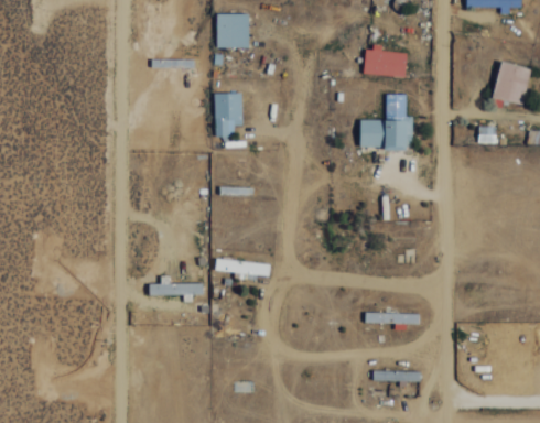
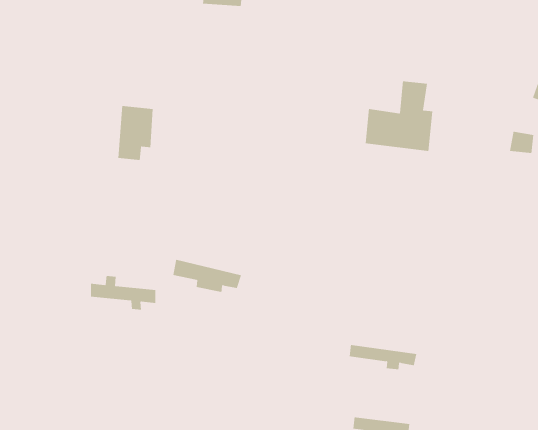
building: [365,46,407,76] -> none
building: [215,93,242,135] -> [118,106,154,160]

